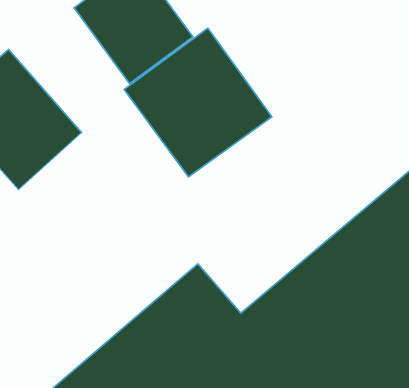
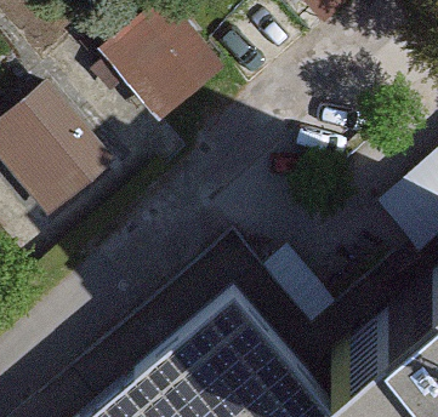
building: [124,28,272,177] -> none

